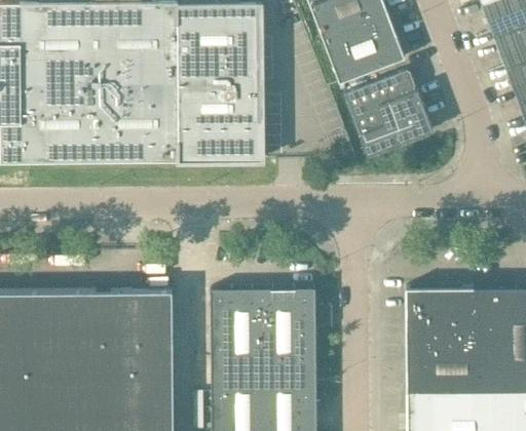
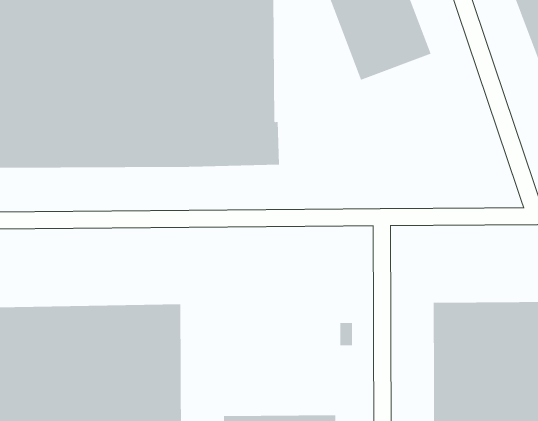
building: [346,71,433,157] -> none
building: [212,288,316,393] -> none

